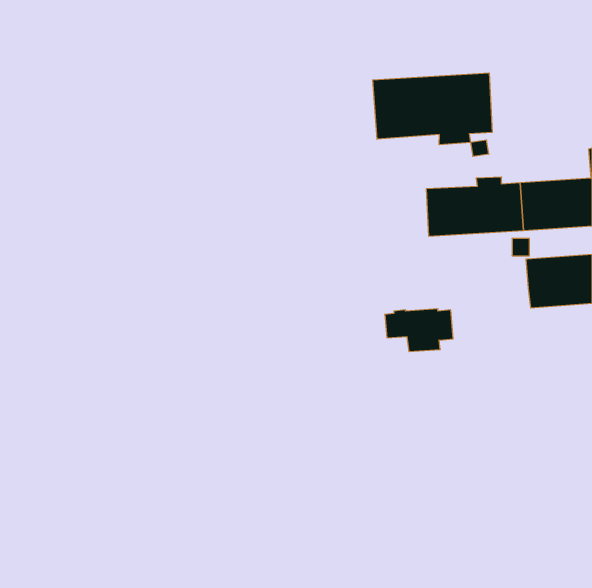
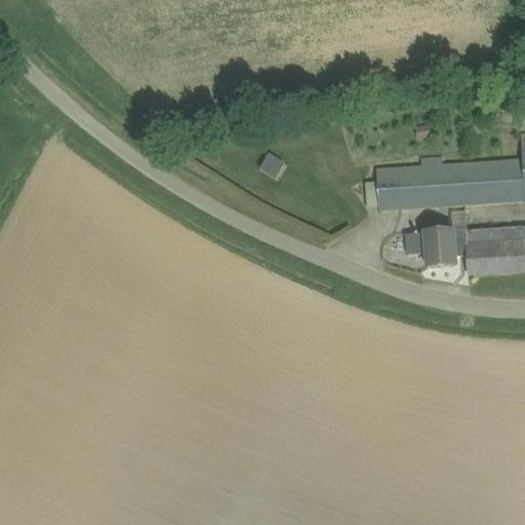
building: [373,73,492,145] -> none
building: [385,309,453,352] -> [407,229,468,267]

